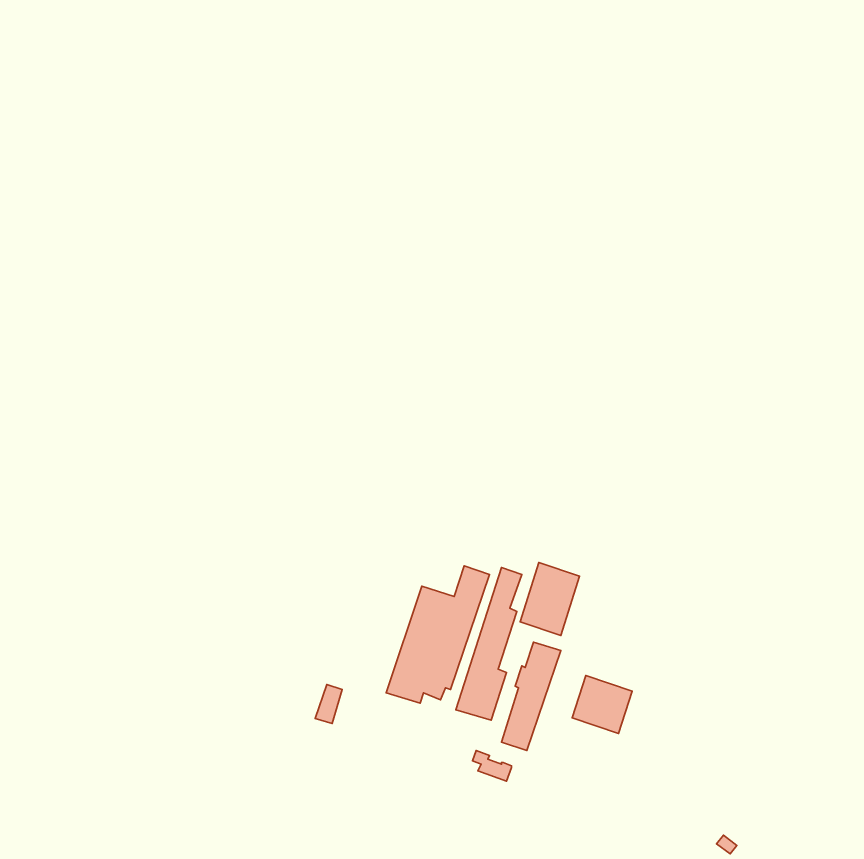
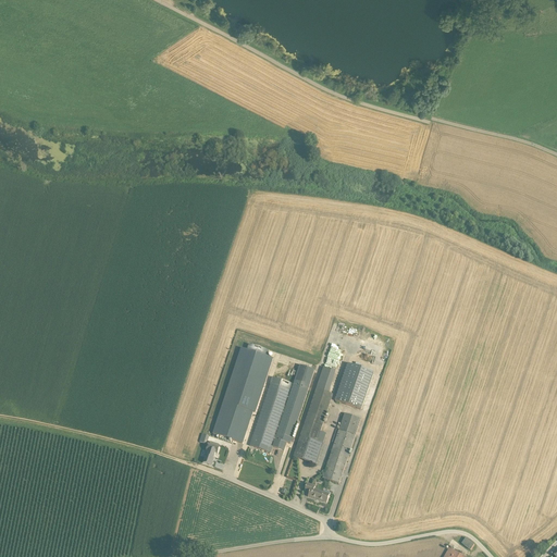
building: none -> [212,343,272,443]
building: [572,676,632,733] -> none

